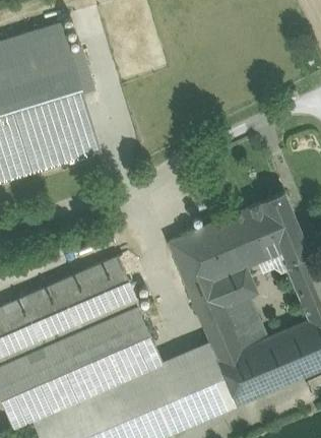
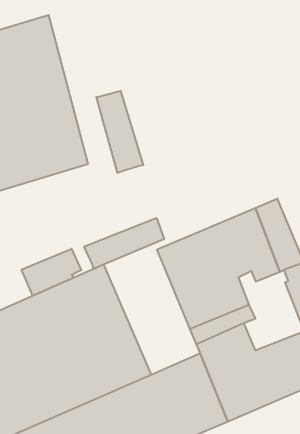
building: none -> [96,91,143,173]
building: none -> [84,218,164,269]
building: none -> [21,249,81,296]

